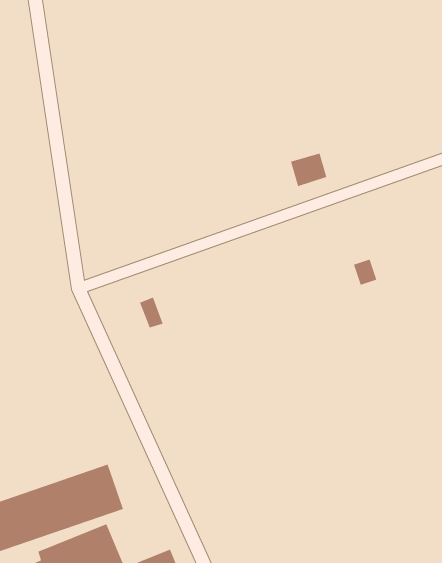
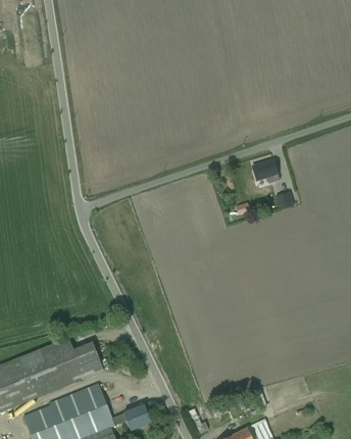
building: [290,153,327,187] -> [250,158,277,183]

